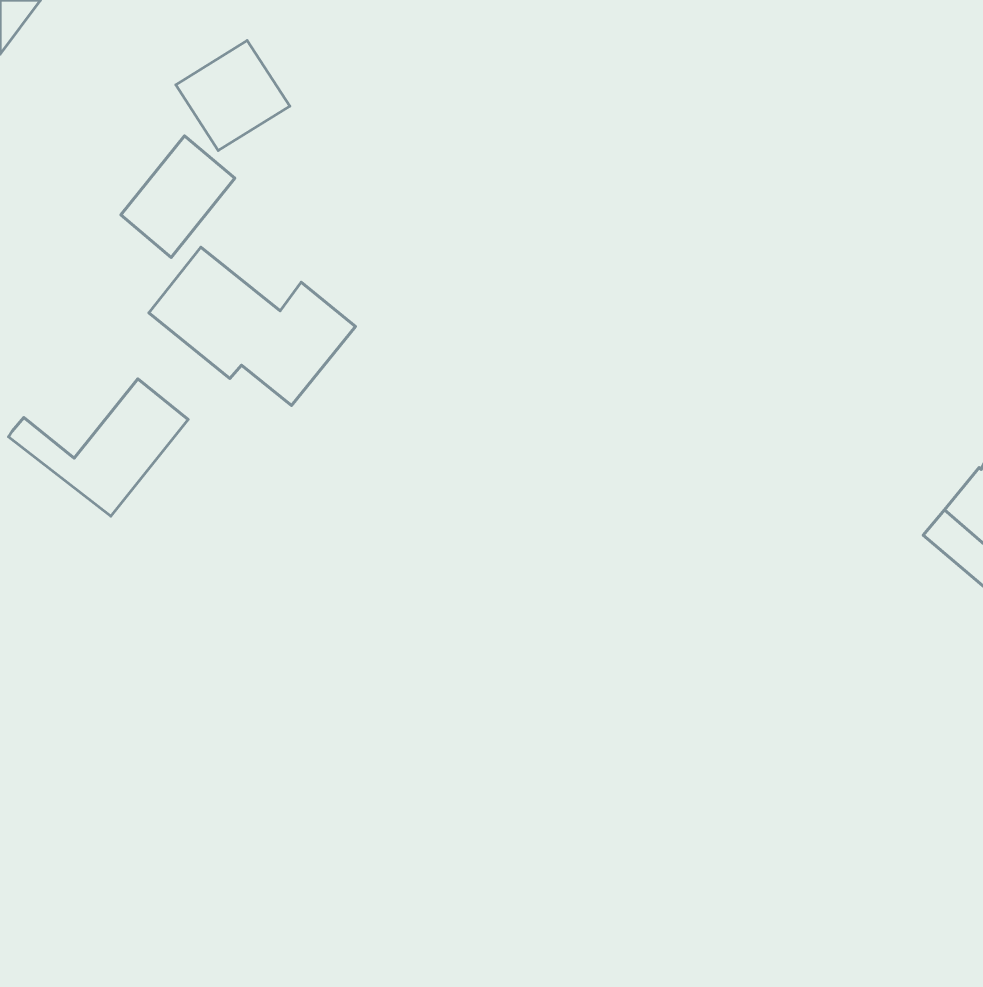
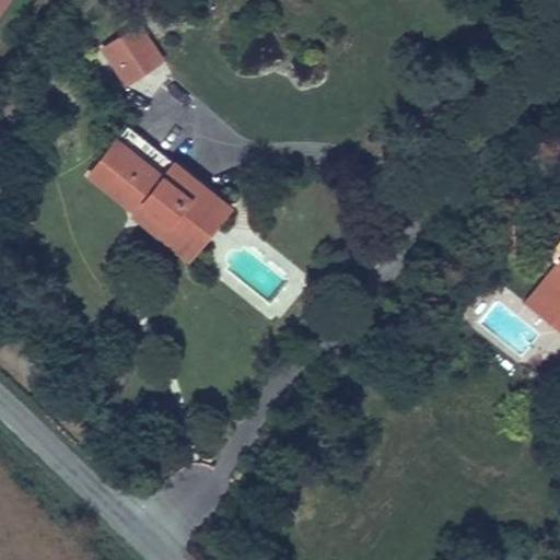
building: [121,136,235,257] -> none
building: [8,379,188,516] -> [130,185,232,262]

